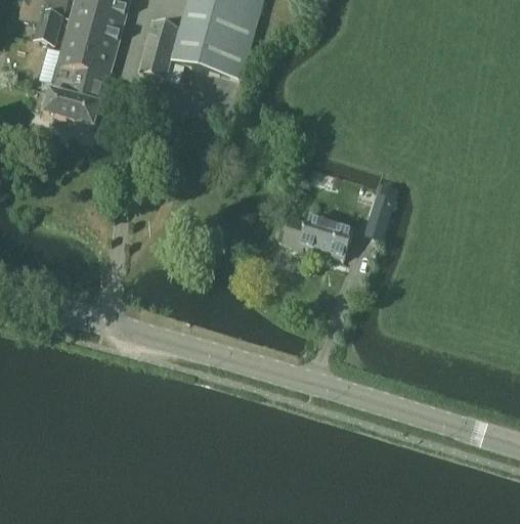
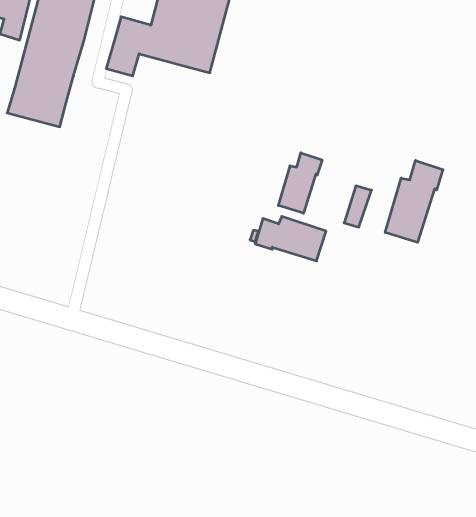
building: none -> [278,153,322,213]
building: none -> [385,160,443,242]

